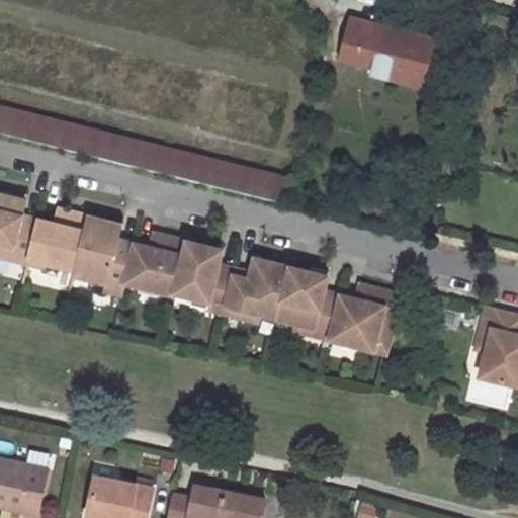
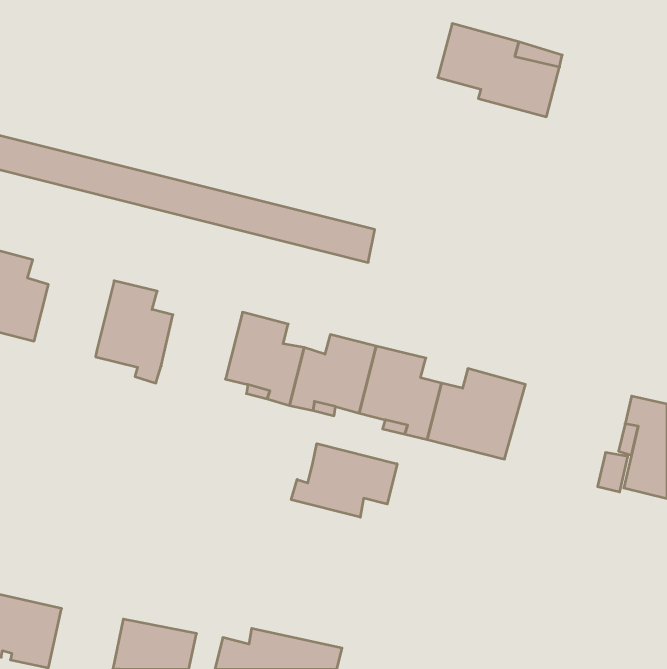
building: [26,208,88,270] -> none
building: [124,233,187,295] -> none
building: none -> [291,444,397,517]

